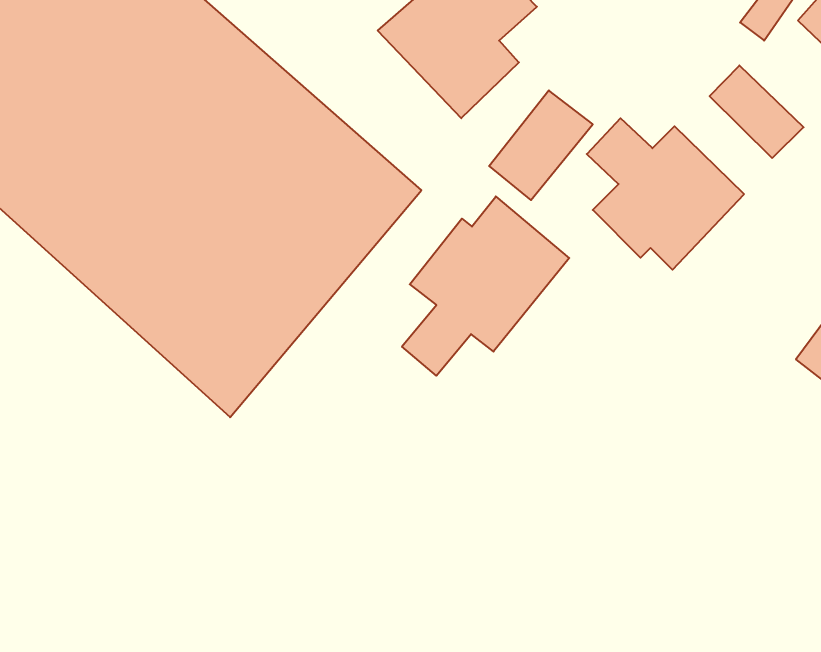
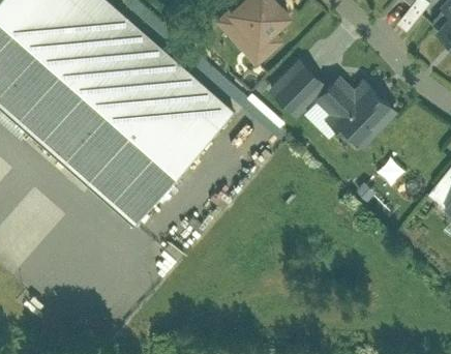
building: [710,65,804,158] -> none
building: [402,196,569,376] -> none

